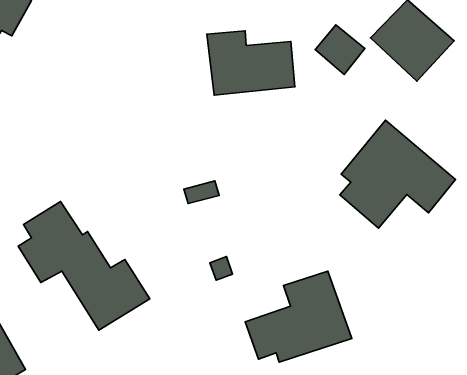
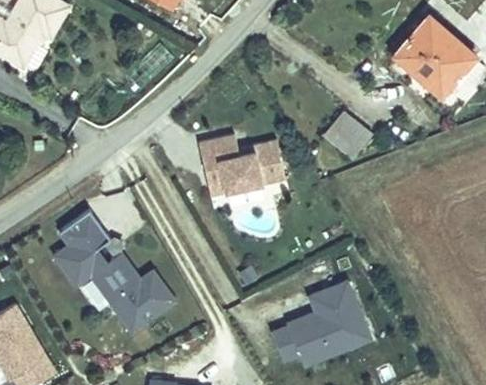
building: [315,25,365,75] -> [320,112,368,160]
building: [207,31,295,95] -> [199,131,284,193]
building: [340,120,455,228] -> none

